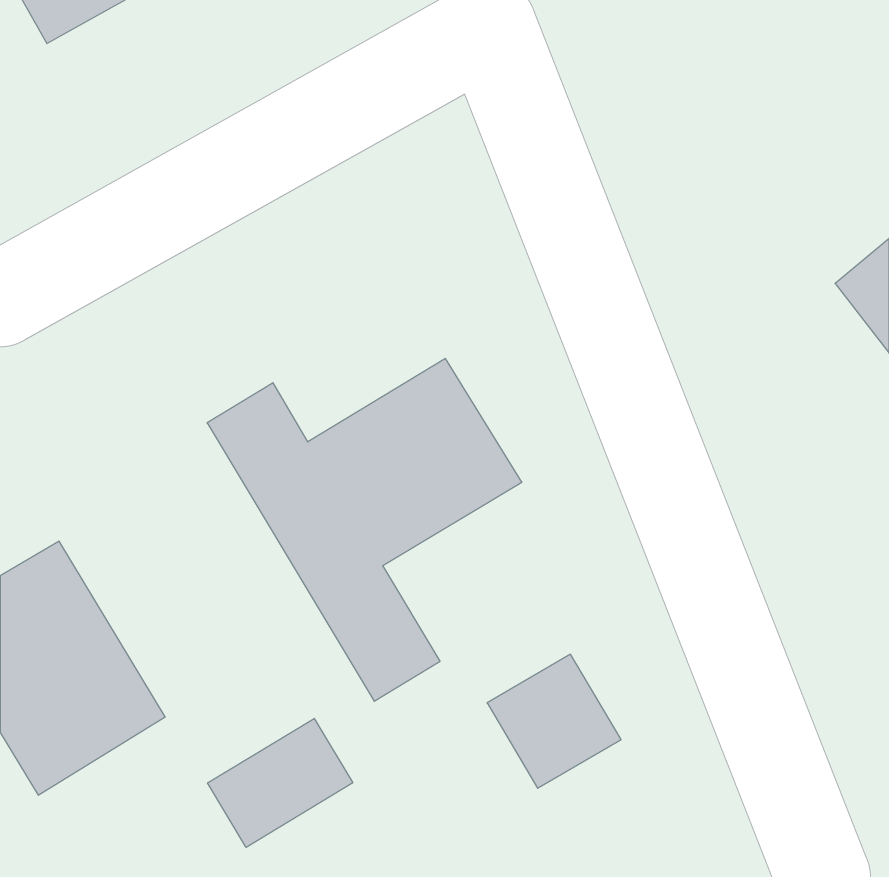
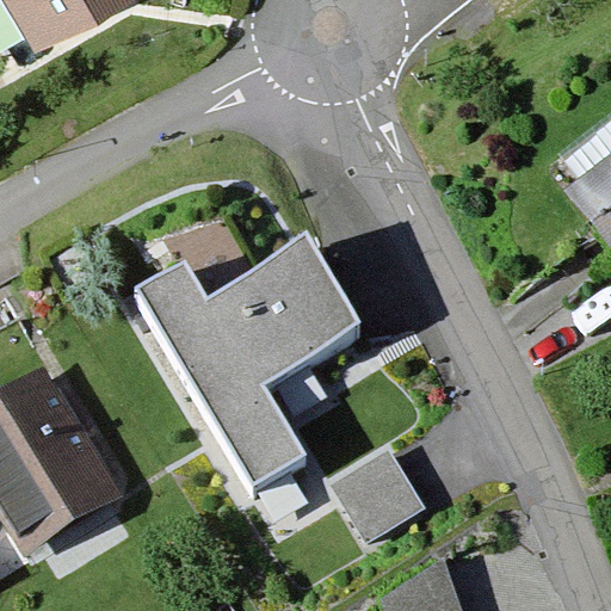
building: [208,718,353,847] -> none

